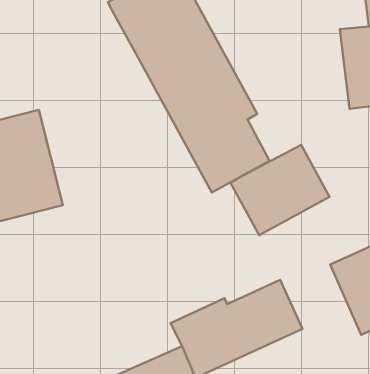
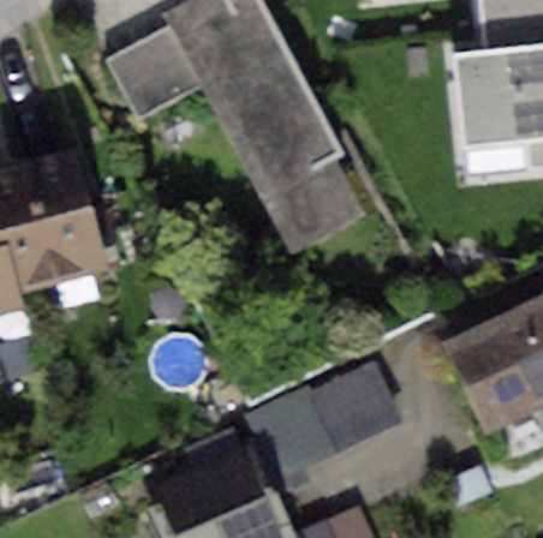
building: none -> [107,29,202,124]
building: [231,145,329,235] -> none

